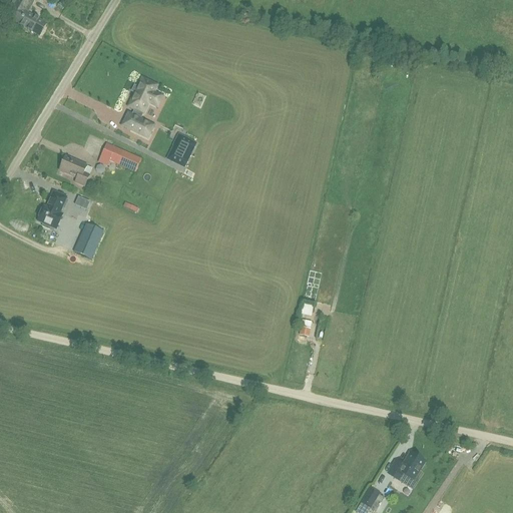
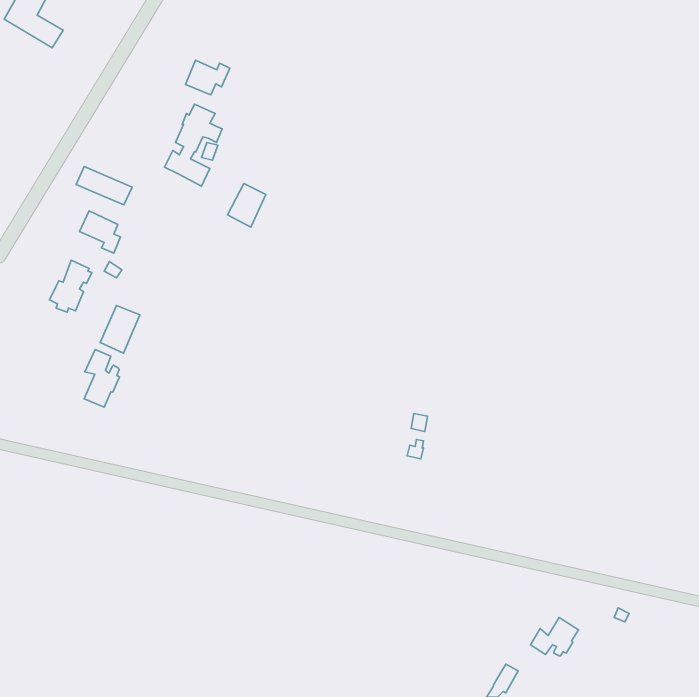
building: none -> [186,60,230,95]
building: [99,142,140,170] -> [76,167,132,205]
building: none -> [84,350,119,407]

